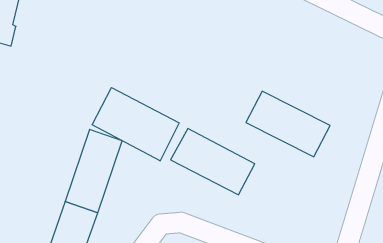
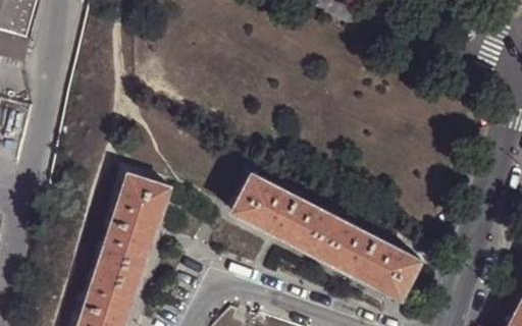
building: [92,88,179,161] -> none
building: [246,91,330,157] -> [314,215,419,296]

